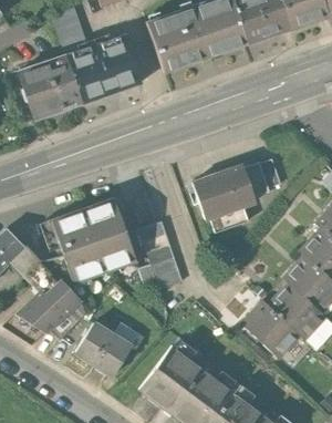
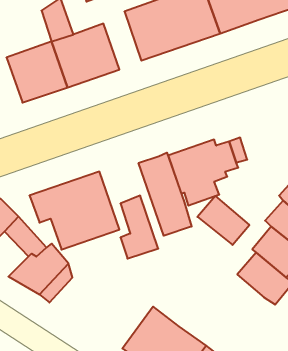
building: none -> [139,153,192,236]
building: [240,303,298,358] -> [197,196,249,245]
building: [74,320,134,379] -> none

